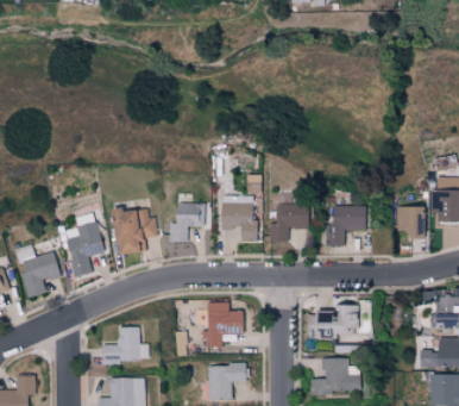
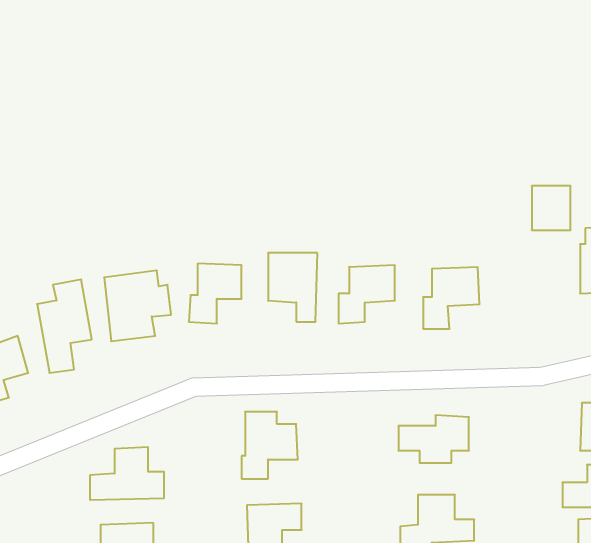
building: [397,207,423,237] -> [532,186,571,230]

